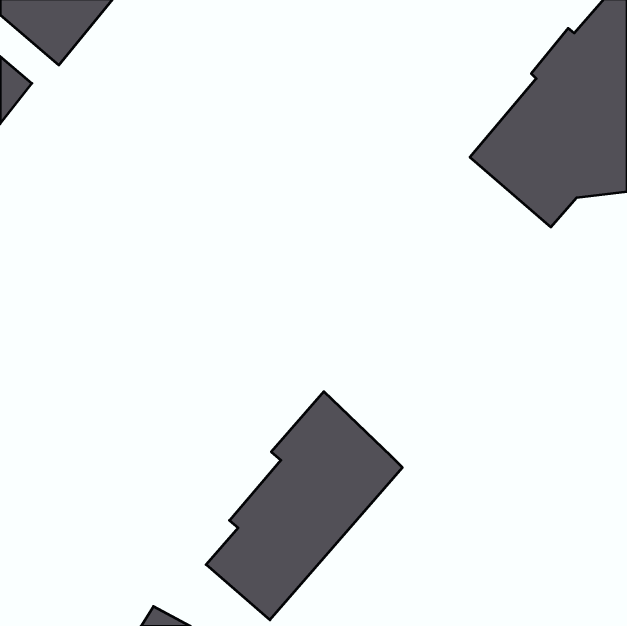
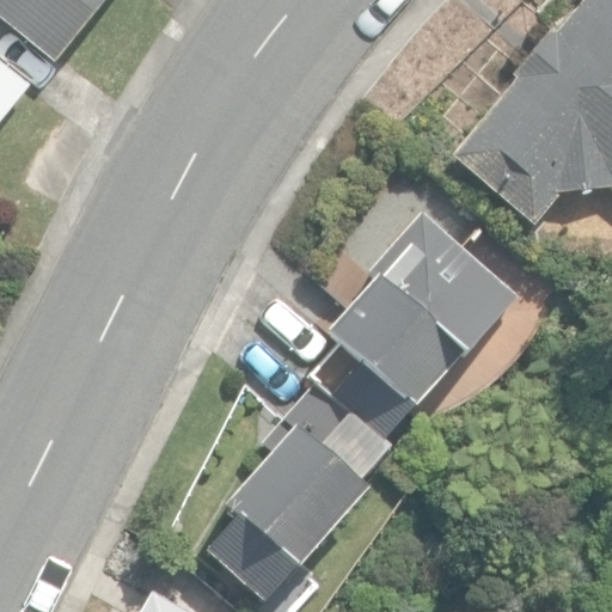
building: none -> [311,213,516,445]

